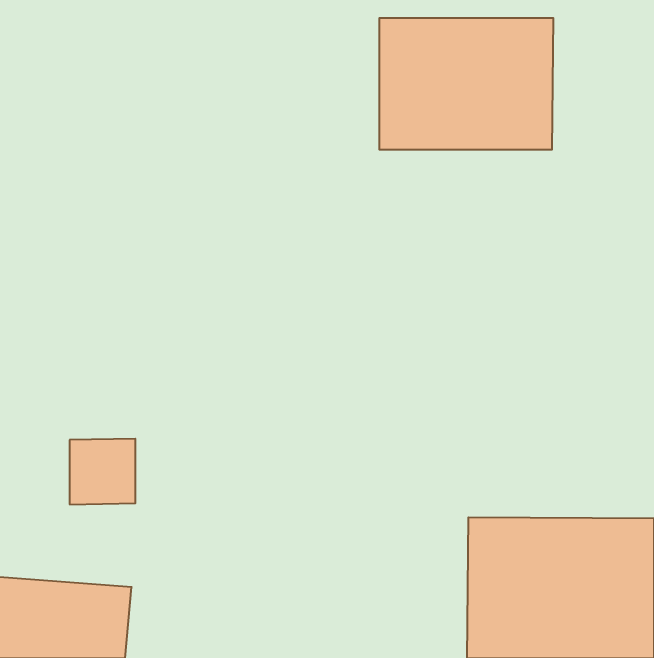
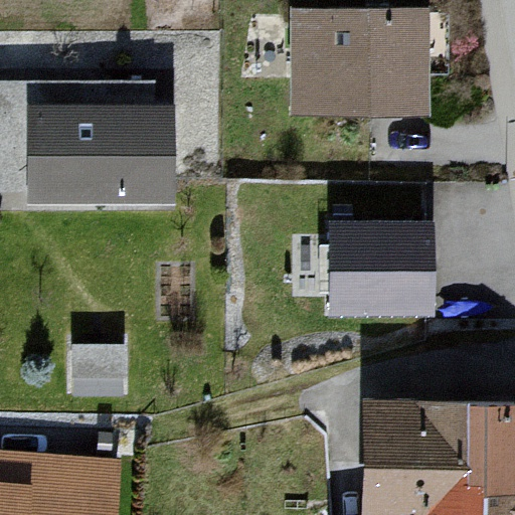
building: none -> [9,89,145,192]
building: none -> [331,226,435,318]

